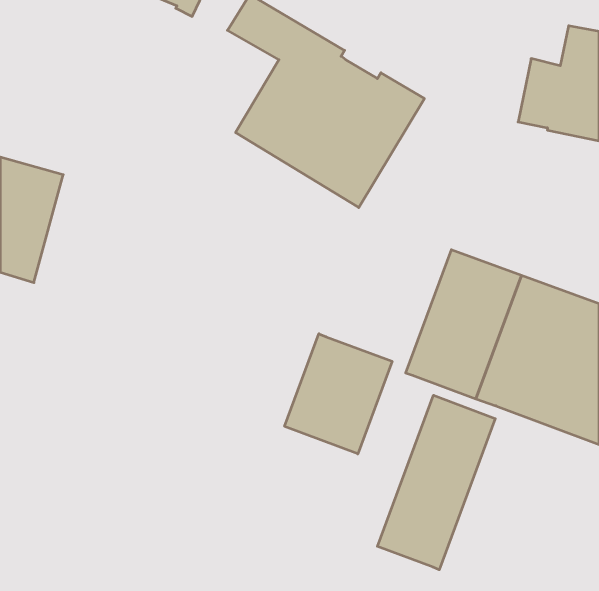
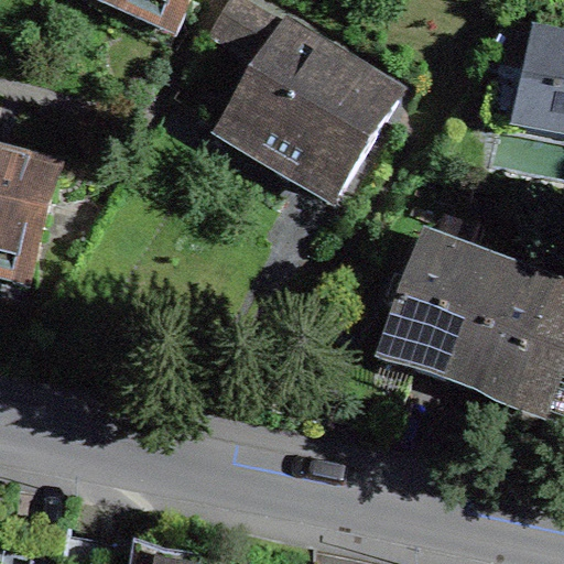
building: [285,334,392,454] -> none
building: [377,395,495,570] -> none

